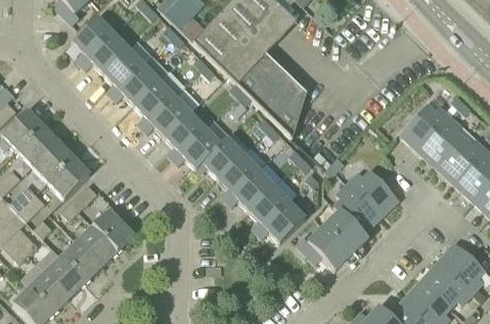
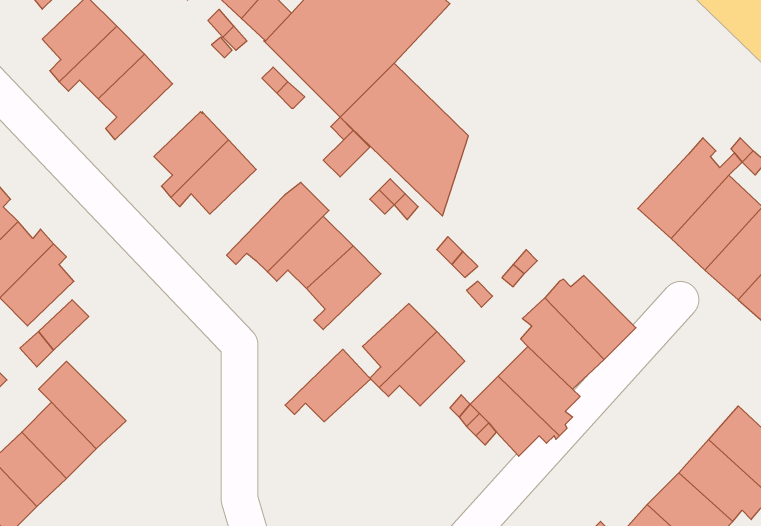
building: [113,64,160,104] -> none
building: [165,111,206,158] -> none
building: [227,169,274,209] -> [285,349,371,422]
building: [93,209,134,249] -> none

